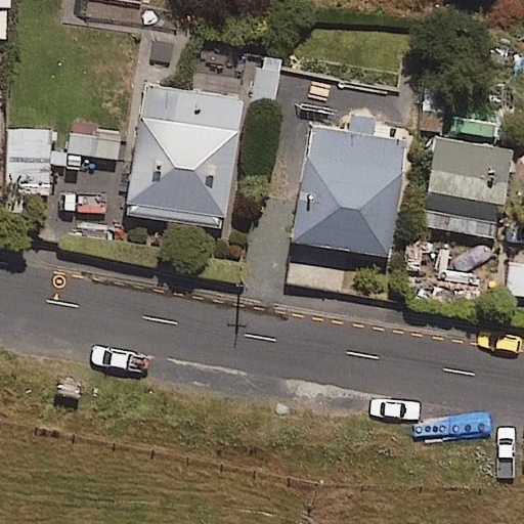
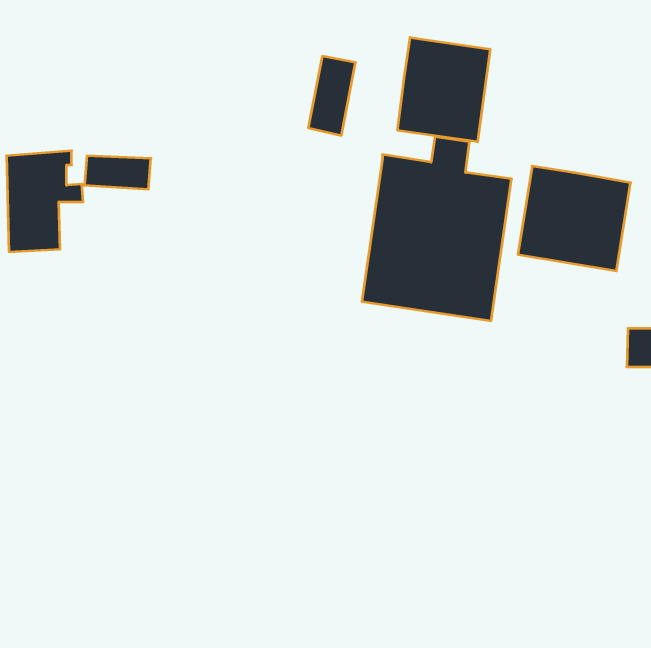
building: none -> [398,37,490,142]
building: [127,79,244,219] -> none

